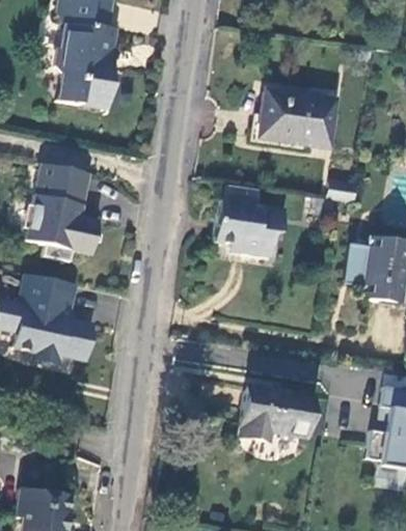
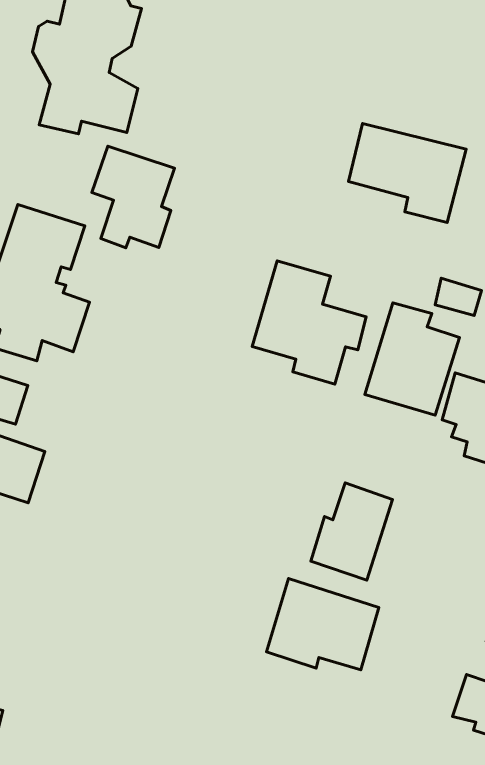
building: none -> [92,146,174,248]
building: none -> [365,303,460,415]
building: none -> [311,483,393,580]

